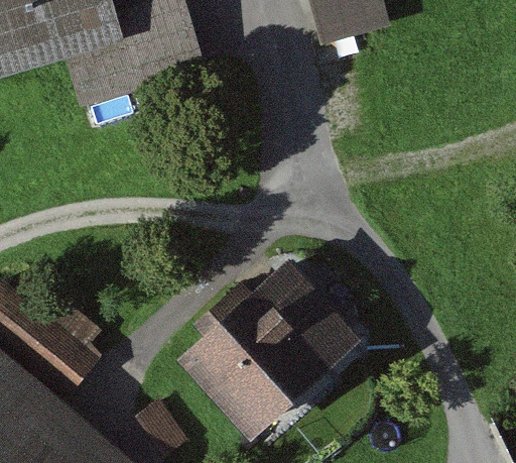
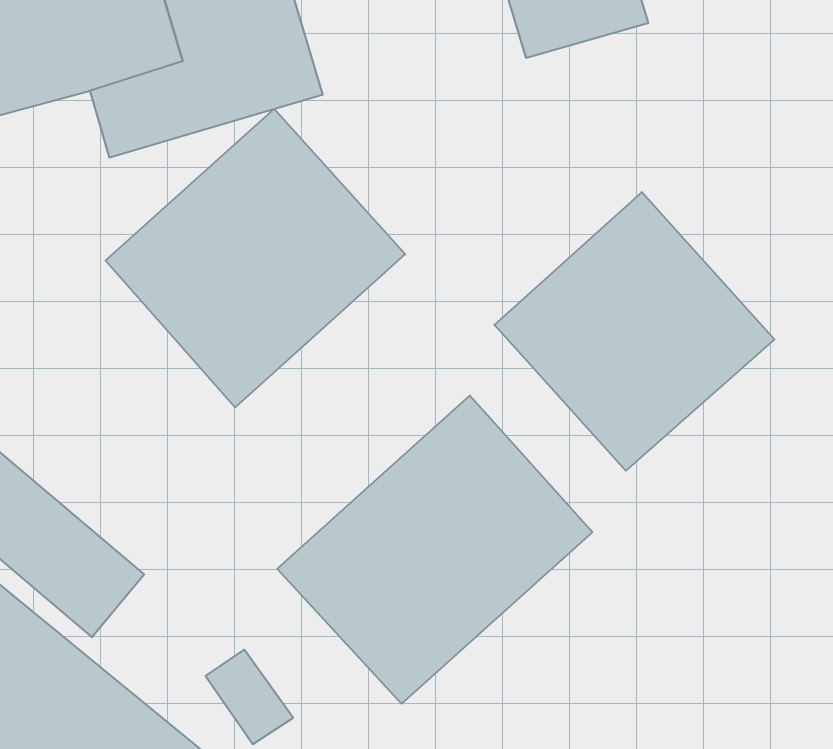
building: none -> [106,109,405,407]
building: none -> [494,192,774,471]

